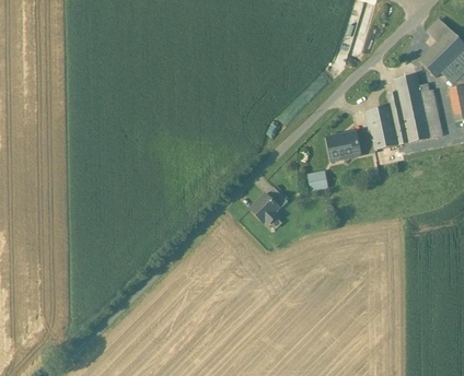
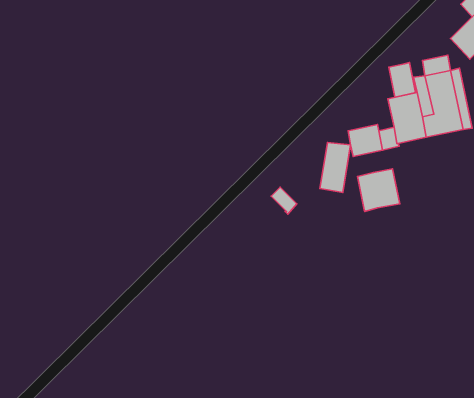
building: none -> [389,63,416,97]
building: none -> [357,169,400,211]
building: [250,193,278,222] -> none

